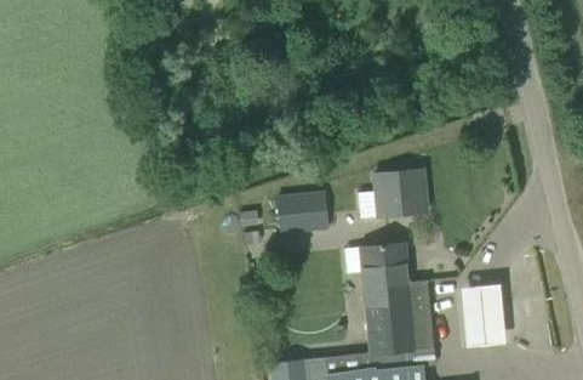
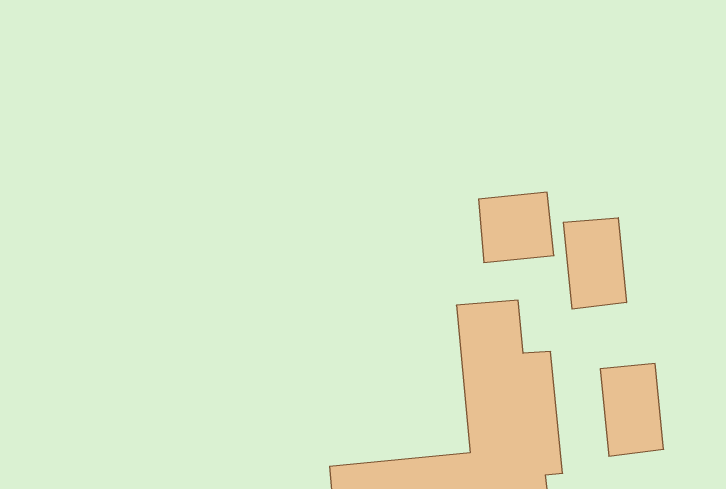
building: none -> [563,218,626,309]
building: [278,189,331,234] -> none

